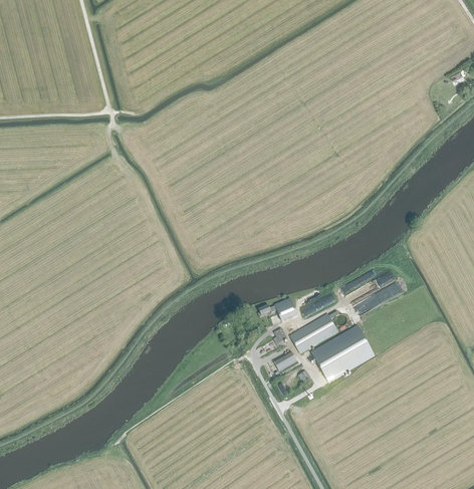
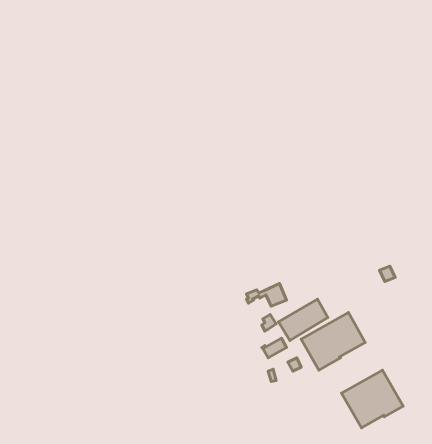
building: none -> [342,370,403,428]

